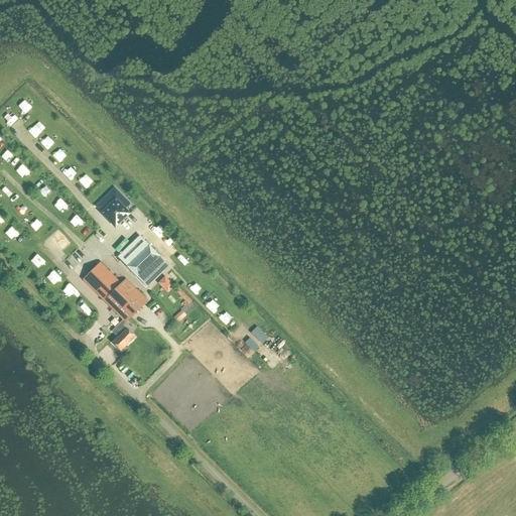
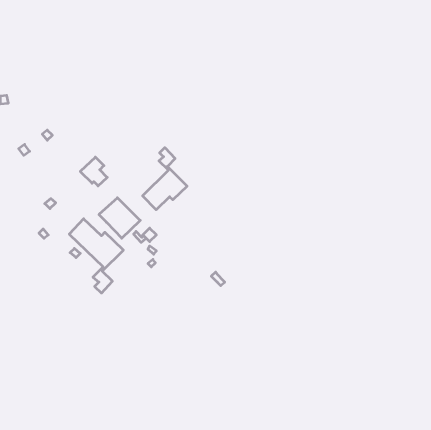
building: none -> [143,148,187,210]

